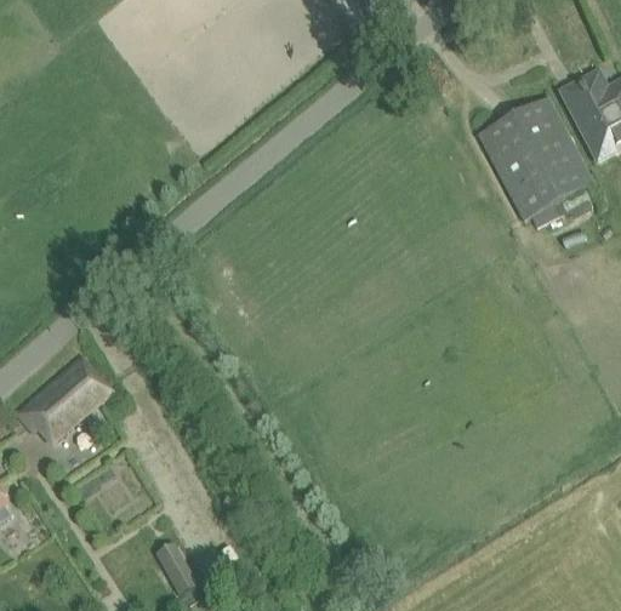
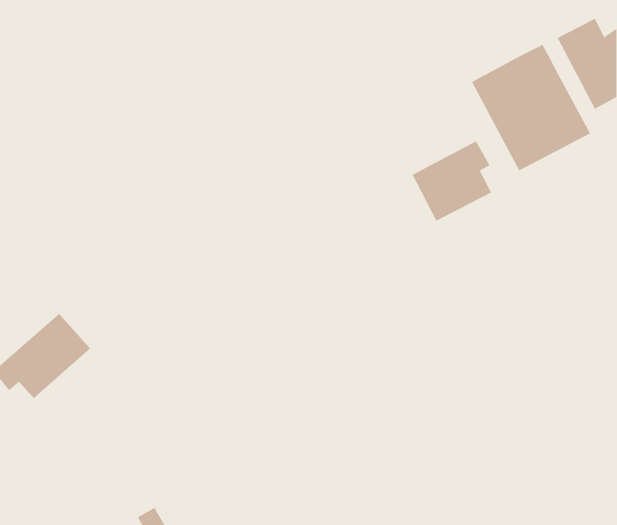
building: none -> [412,140,492,221]

